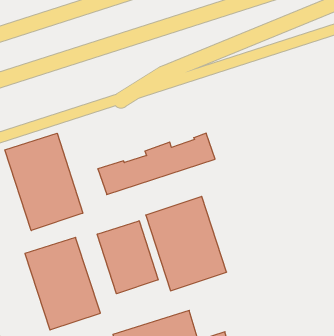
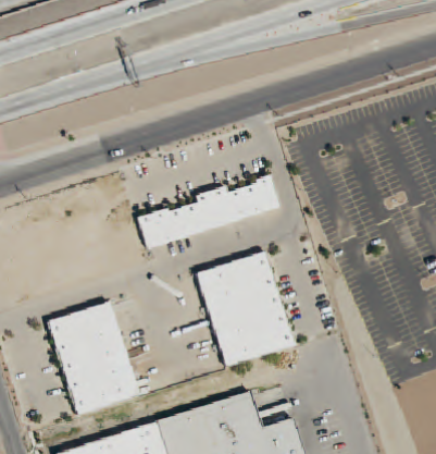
building: [5,133,83,231] -> none
building: [97,221,158,294] -> none

